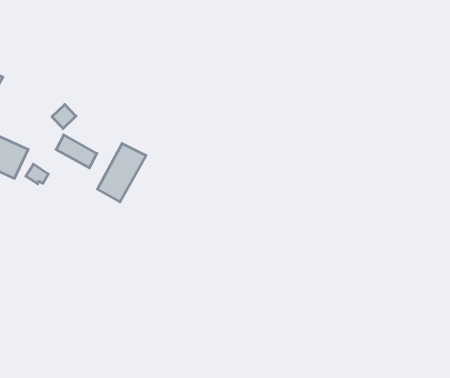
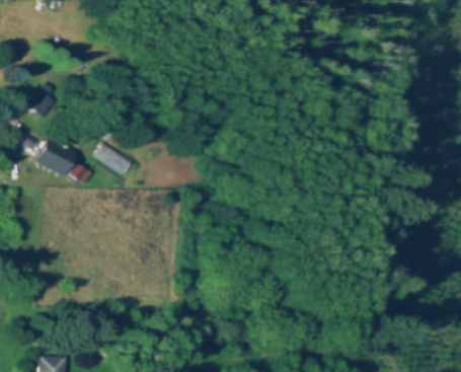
building: [97,143,146,202] -> none

